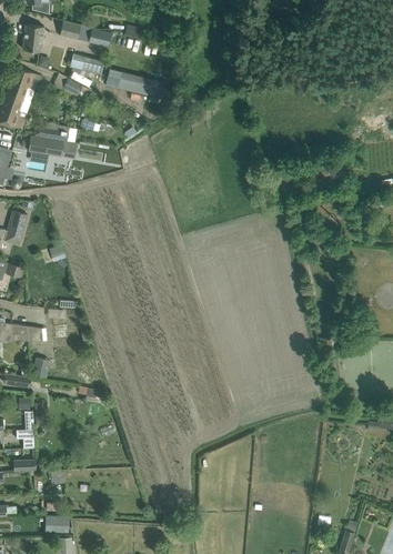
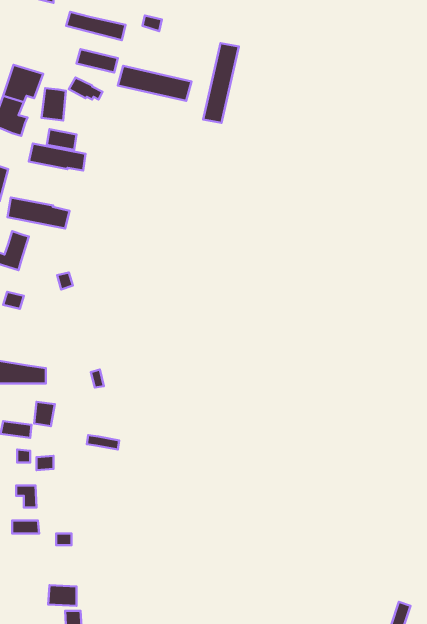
building: [21,24,42,52] -> [41,88,66,121]
building: none -> [203,43,239,123]
building: none -> [7,198,69,228]

